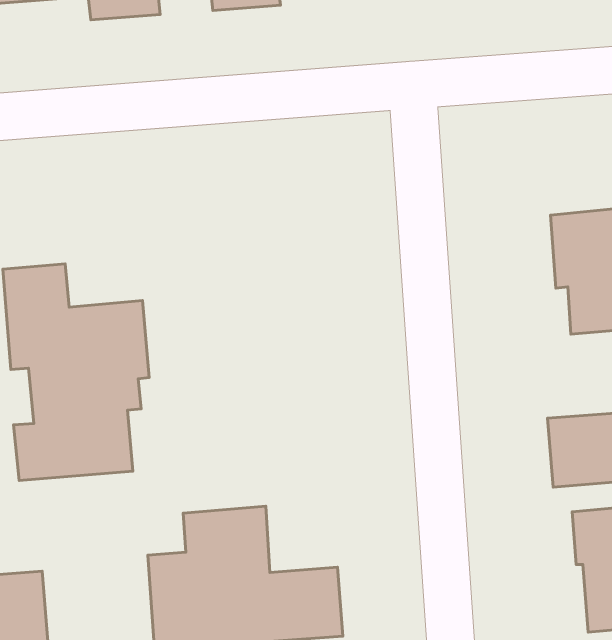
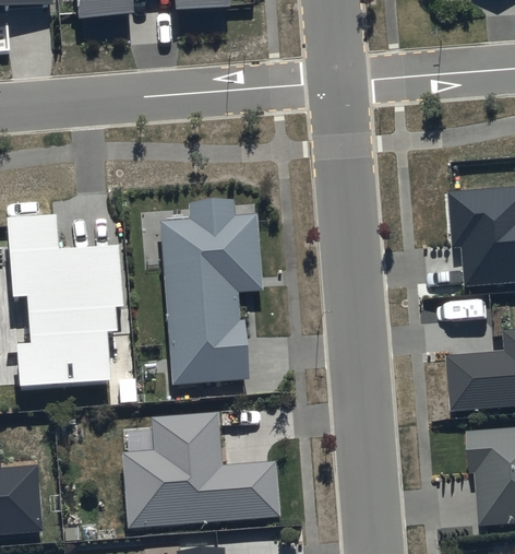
building: none -> [160,198,263,385]

